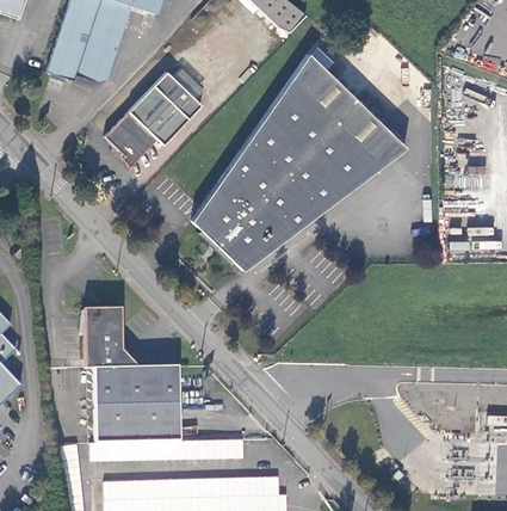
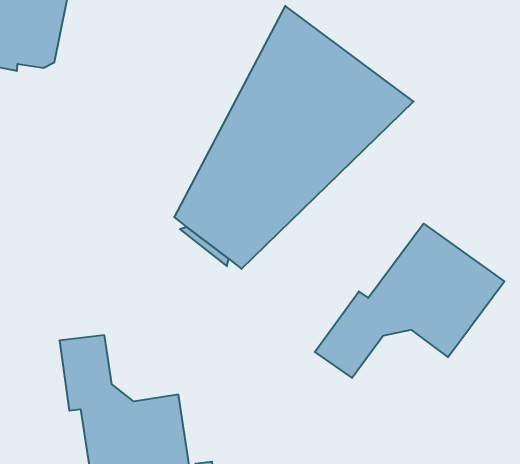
building: [106,72,203,168] -> none
building: none -> [315,224,504,378]

